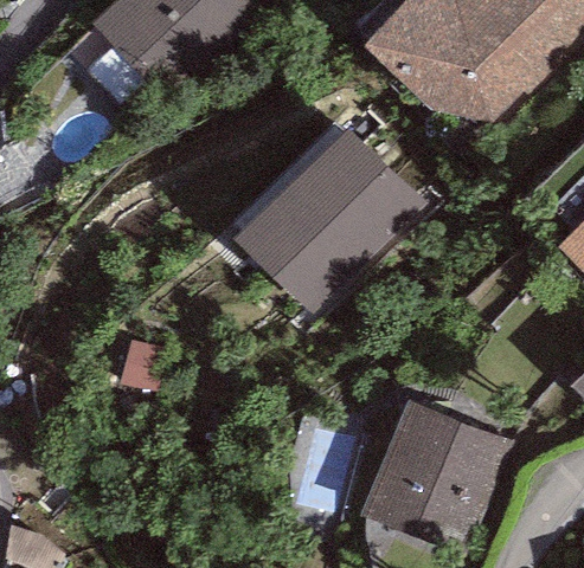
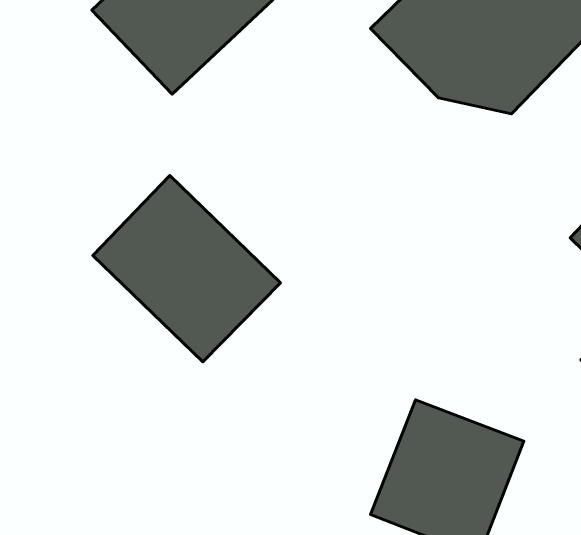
building: [232,117,425,318] -> none
building: none -> [93,175,281,362]

